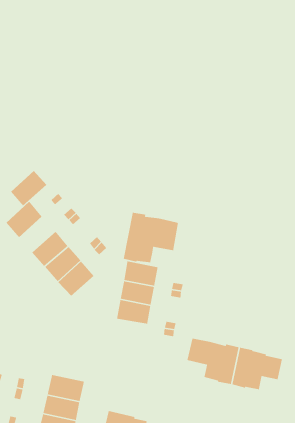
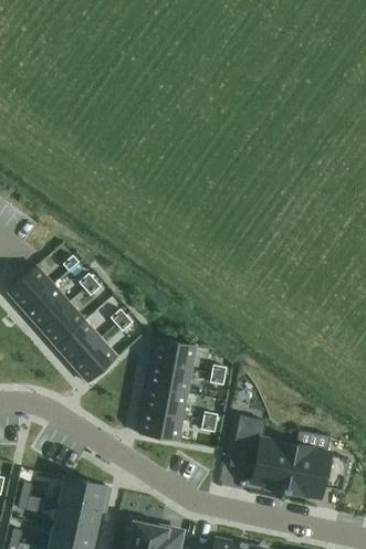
building: [10,170,47,206] -> [24,284,70,328]
building: [123,212,179,263] -> none
building: none -> [139,410,182,441]

